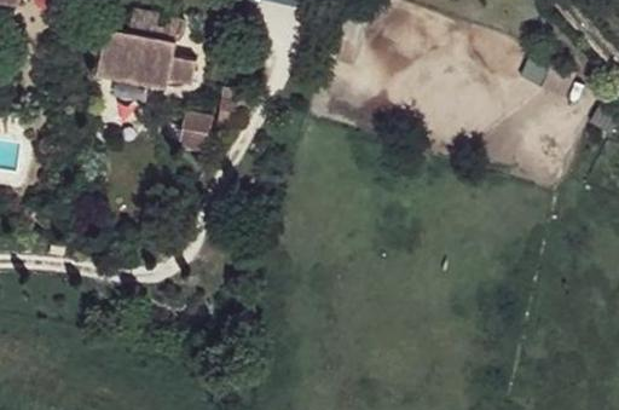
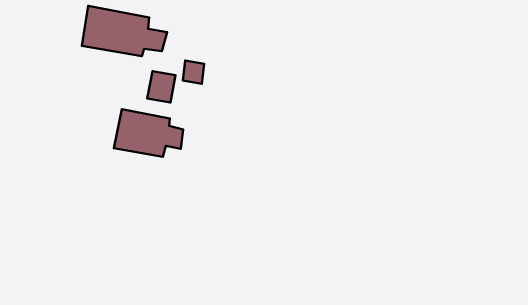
building: none -> [114,109,183,157]

